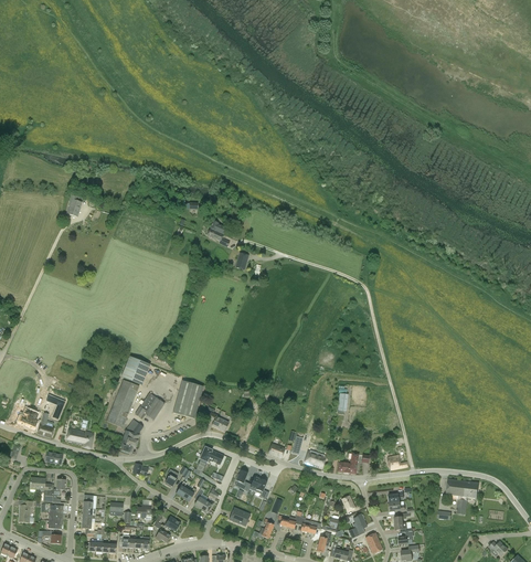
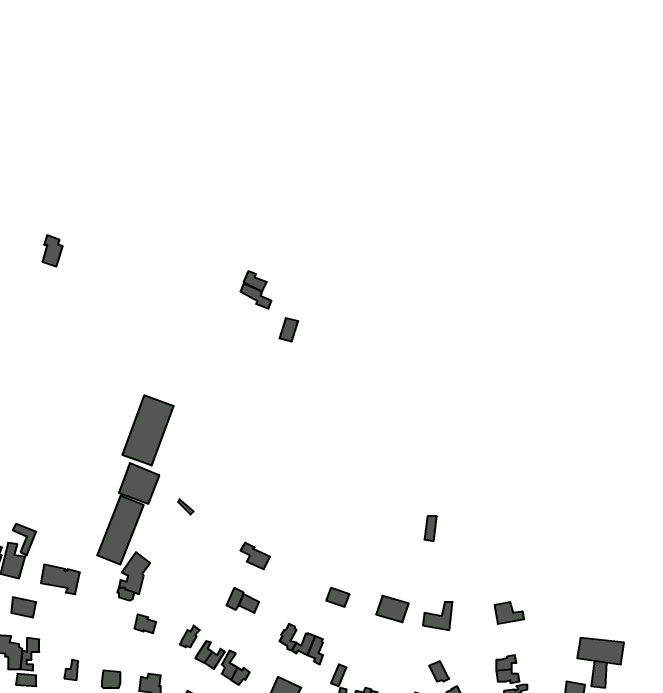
building: none -> [122,395,174,466]
building: [172,380,203,418] -> none
building: [135,392,164,420] -> none

